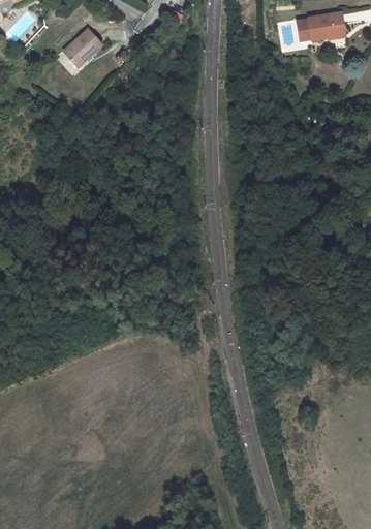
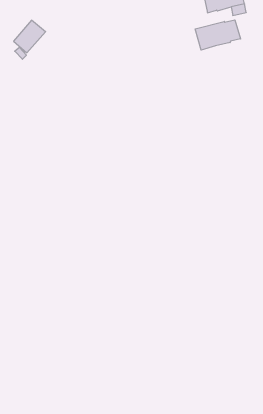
building: none -> [195,20,241,50]

